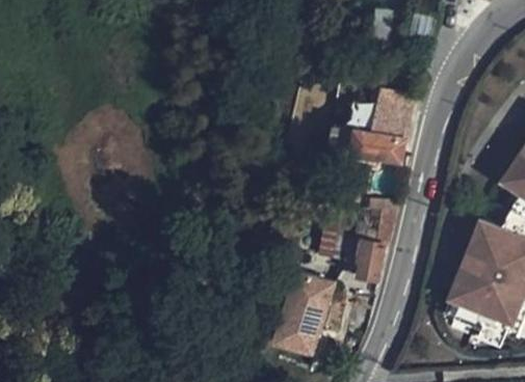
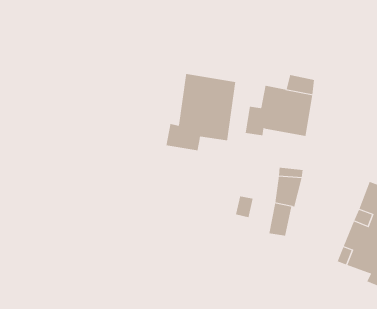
building: none -> [166,73,236,151]
building: [275,273,336,355] -> none

